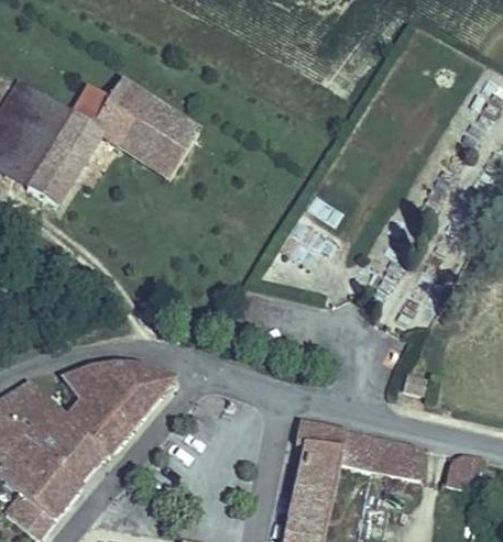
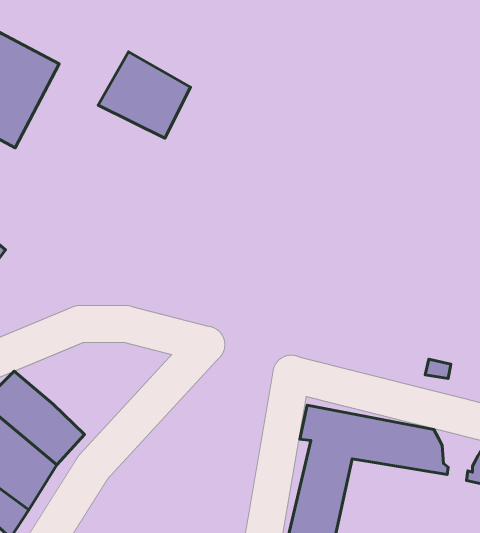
building: [35,89,138,201] -> none
building: [63,361,170,449] -> none

